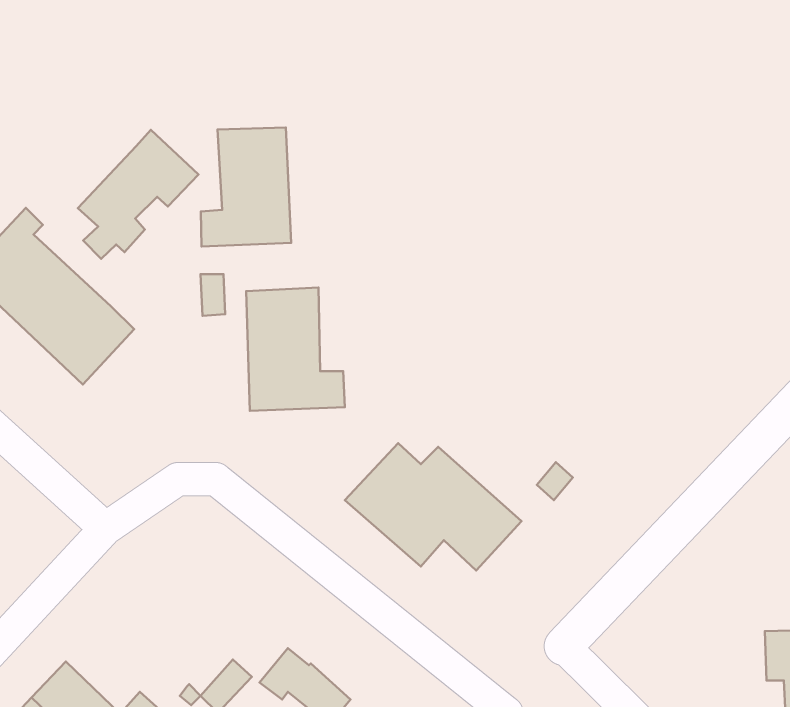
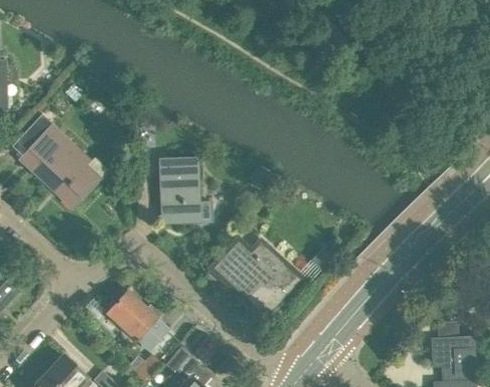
building: [201,128,291,246] -> none
building: [78,130,199,259] -> none
building: none -> [105,289,169,352]

